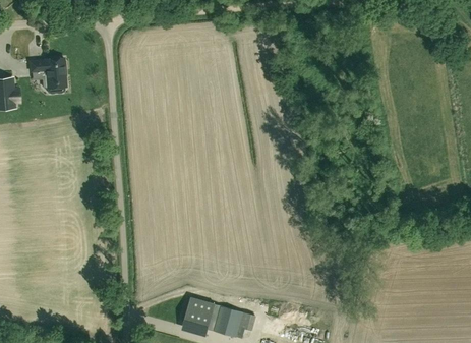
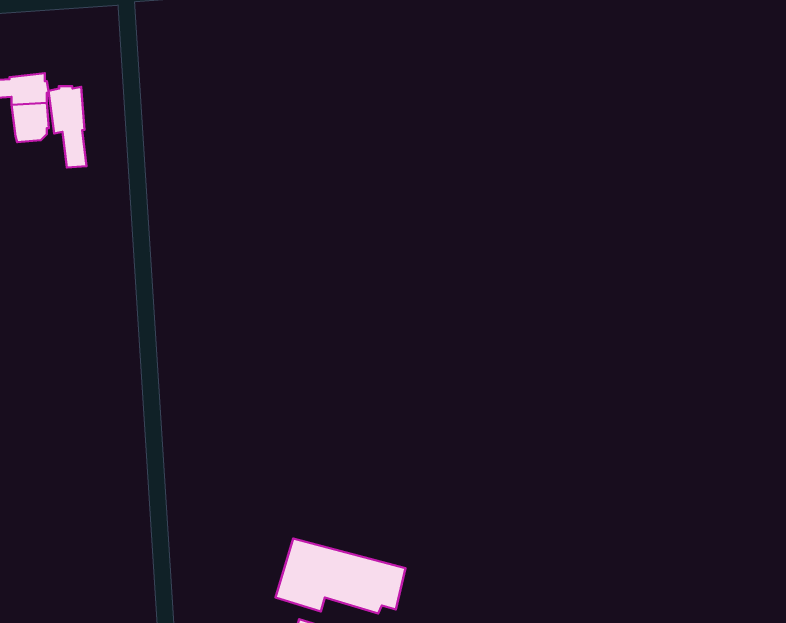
building: none -> [49,86,86,168]

